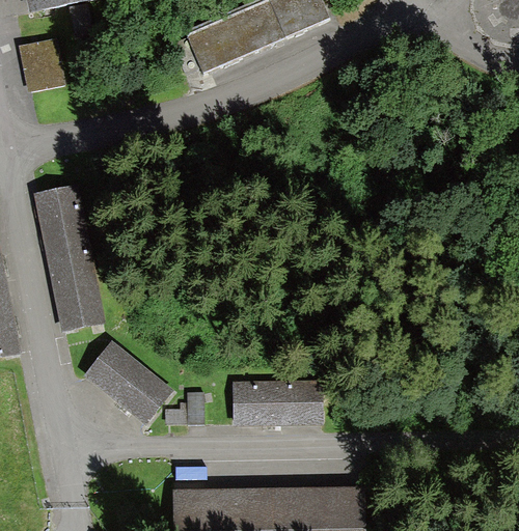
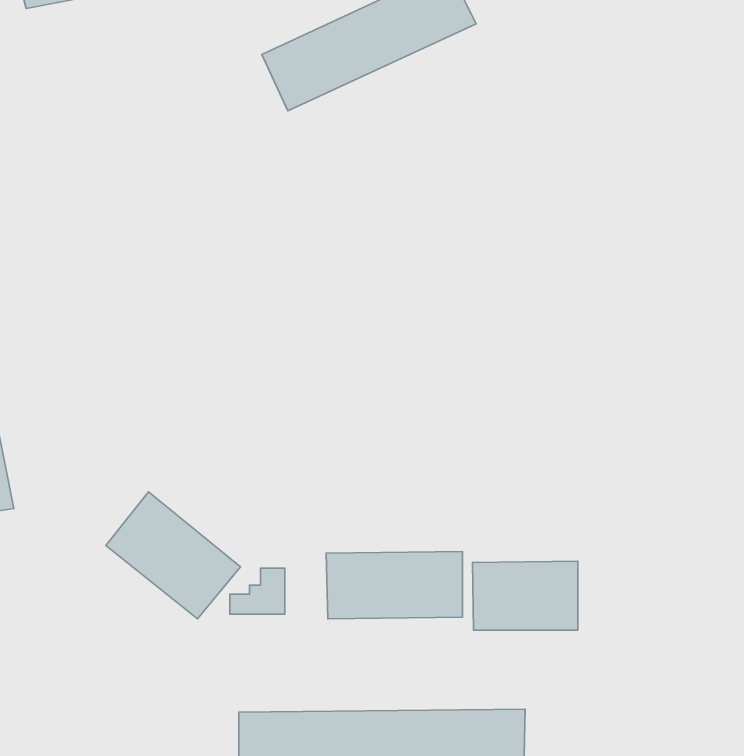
building: [18,37,65,92] -> none
building: [32,184,104,332] -> none
building: none -> [473,561,578,630]

